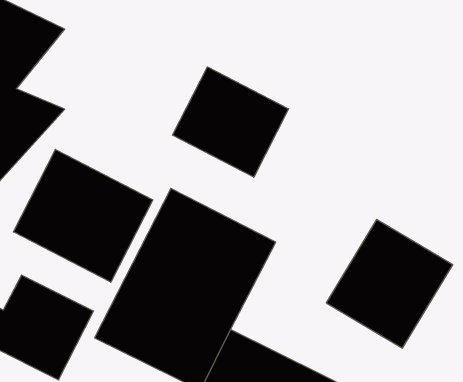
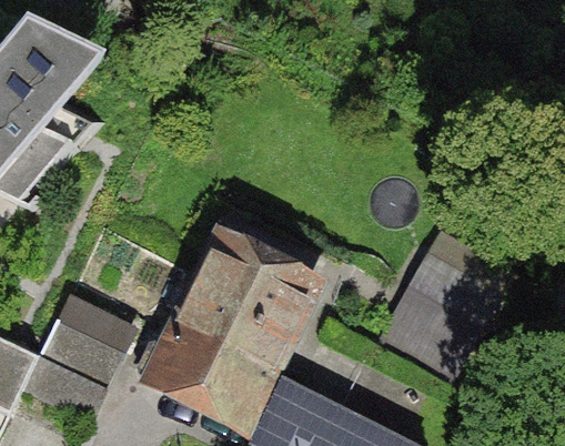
building: [173,67,289,177] -> none
building: [13,149,153,282] -> none

